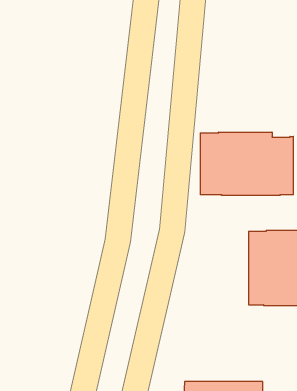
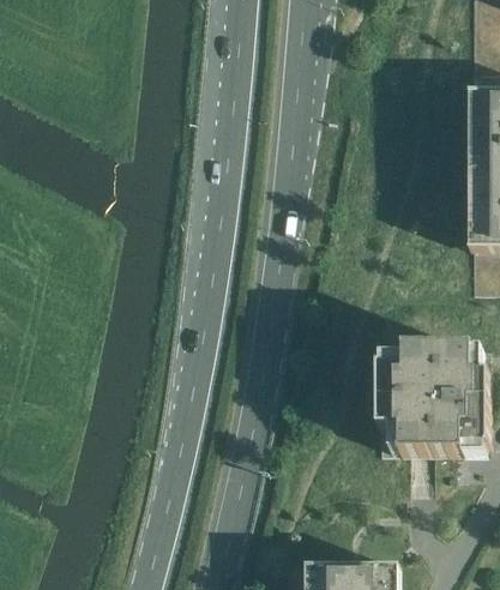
building: [200,132,293,195] -> none

